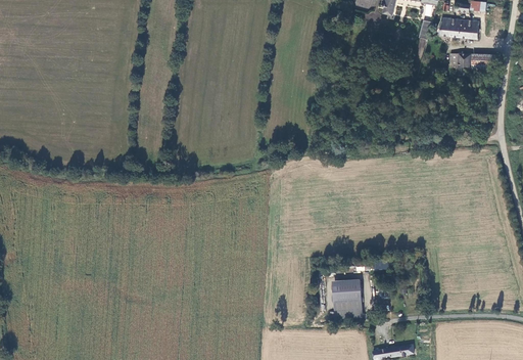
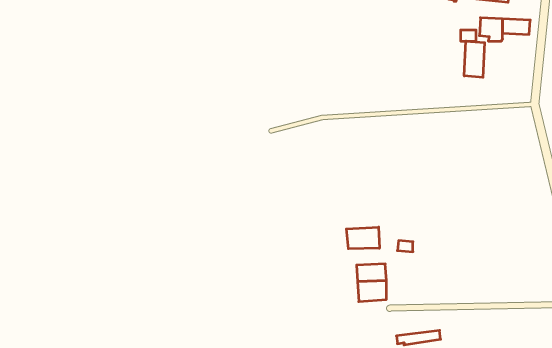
building: none -> [464,41,485,77]
building: none -> [346,227,379,249]

